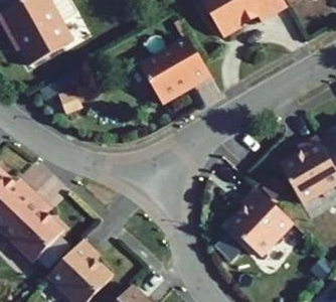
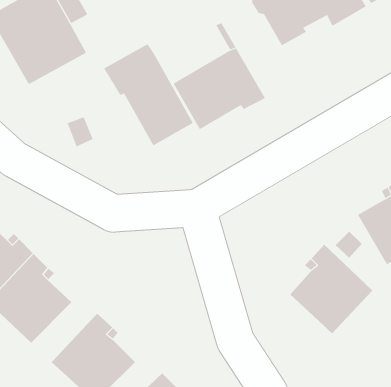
building: none -> [104,44,193,146]

